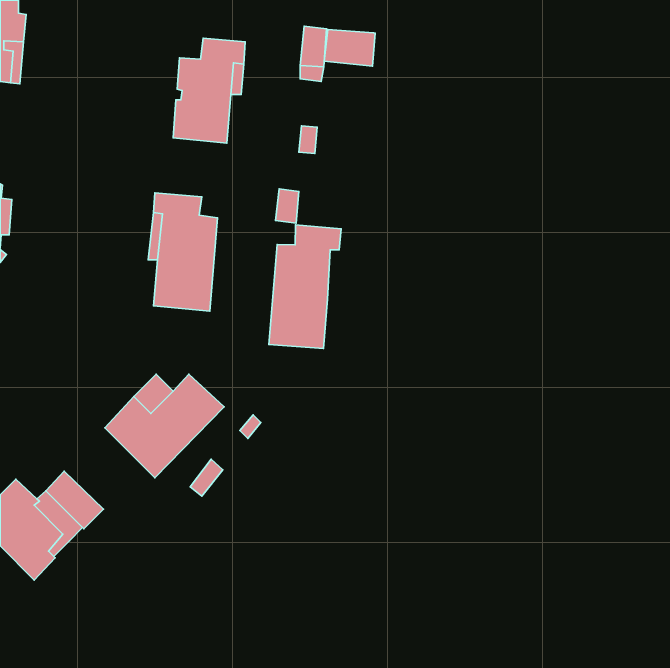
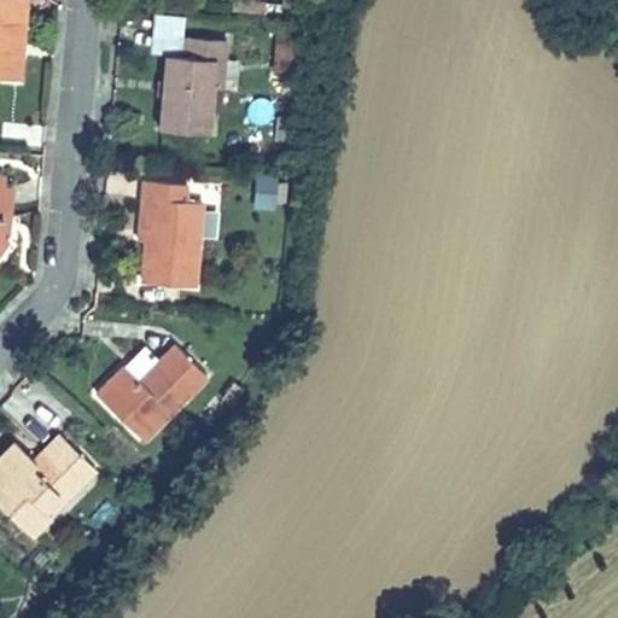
building: none -> [150,14,187,57]
building: [324,29,375,66] -> none
building: [269,225,341,349] -> none

